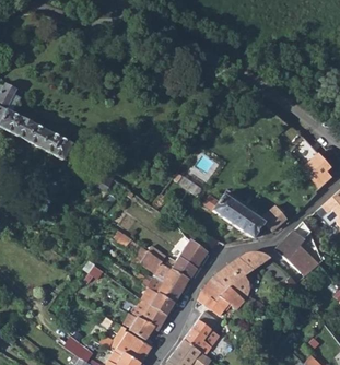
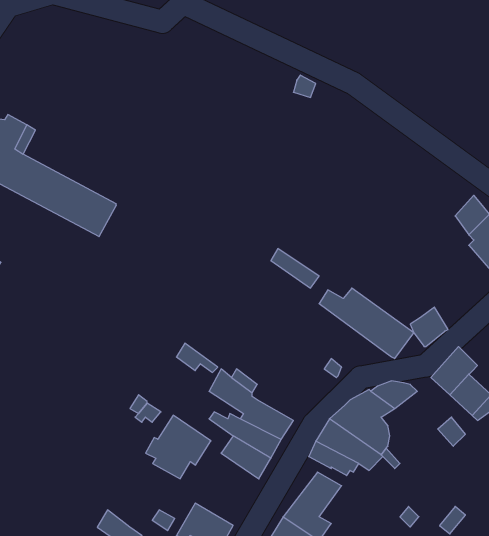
building: [165,240,204,279] -> none
building: [125,298,166,339] -> [146,415,211,479]

